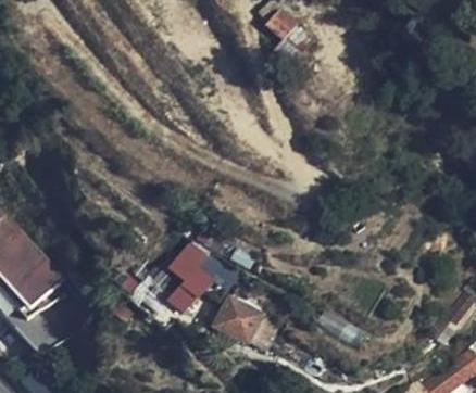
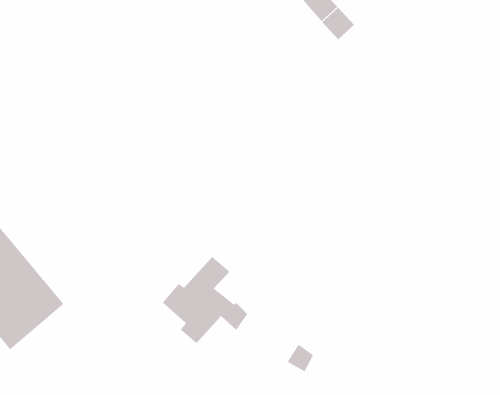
building: [213,296,260,341] -> none

